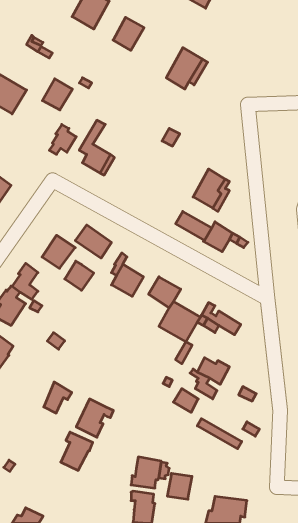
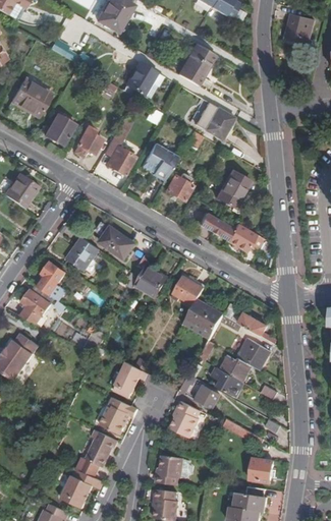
building: none -> [283,13,311,44]
building: [113,17,144,50] -> [124,61,155,94]
building: [42,79,72,110] -> [43,113,72,143]
building: none -> [187,99,232,139]
building: none -> [144,141,176,179]
building: none -> [163,171,189,199]
building: [65,261,94,290] -> none
building: none -> [238,339,269,369]
building: [44,382,72,413] -> [117,361,145,392]
building: none -> [168,399,198,437]
building: none -> [60,467,101,508]
building: [167,473,192,499] -> [247,456,272,481]

